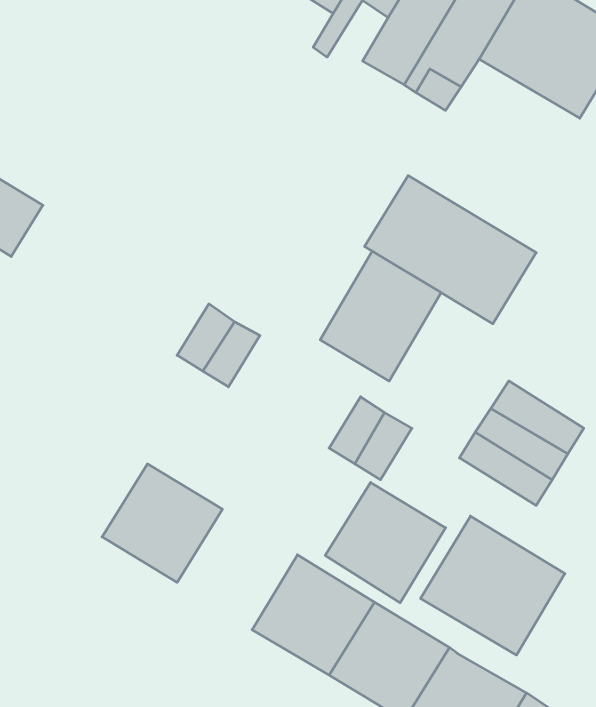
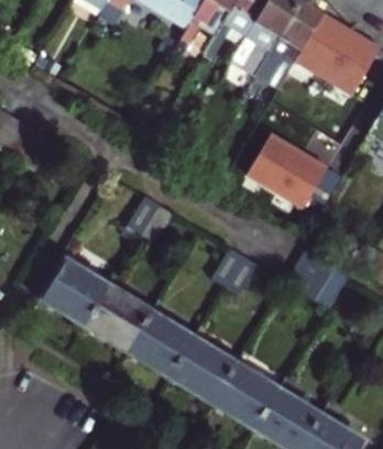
building: [320,251,441,381] -> none
building: none -> [42,259,110,326]
building: [325,482,446,603] -> [127,310,194,377]
building: [421,516,565,655] -> none

